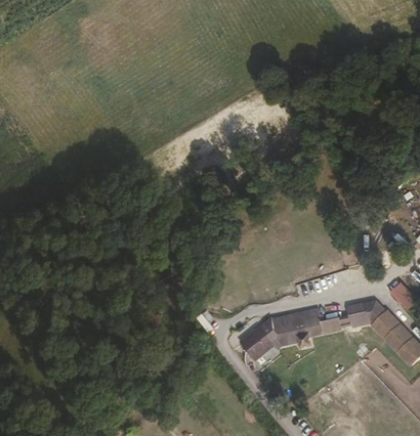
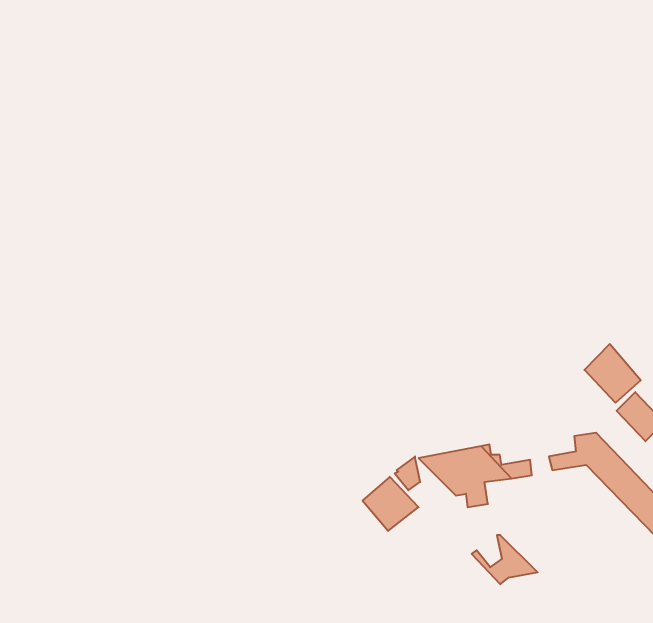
building: none -> [584,344,641,403]
building: [252,318,292,348] -> [472,535,538,584]

